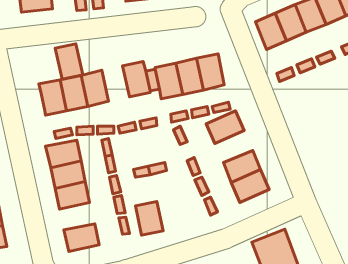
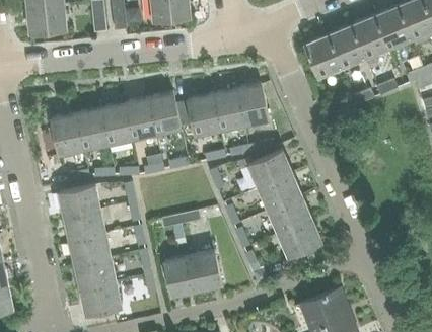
building: [55,44,83,79] -> [125,97,157,139]
building: none -> [258,173,302,211]
building: none -> [190,251,222,290]
building: none -> [75,257,117,289]

